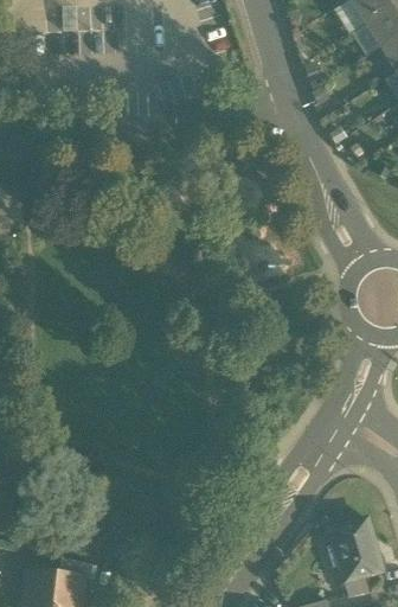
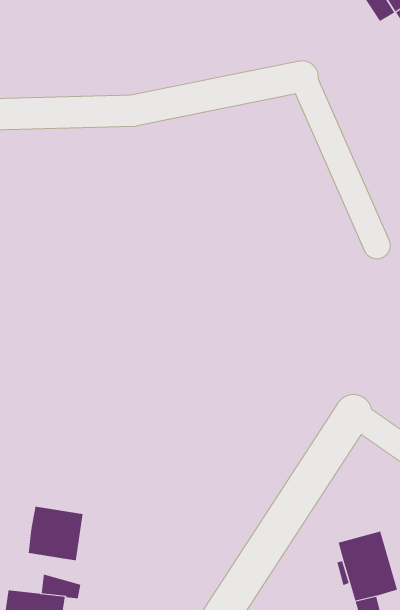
building: none -> [28,506,83,561]

